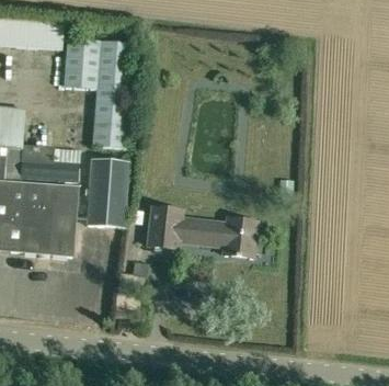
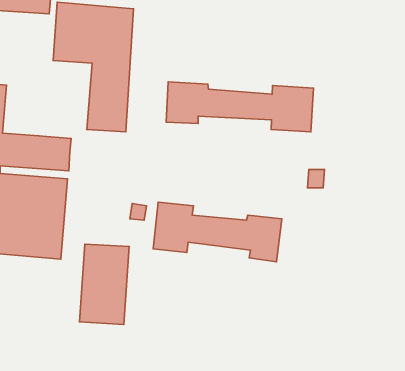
building: none -> [166,82,314,132]
building: [87,159,128,227] -> [80,244,129,324]

